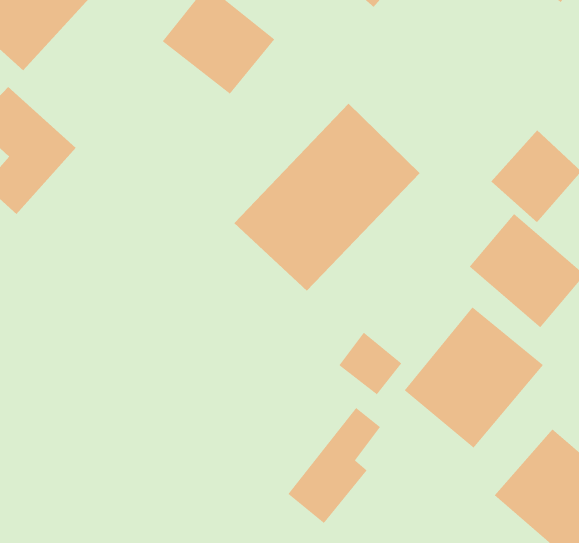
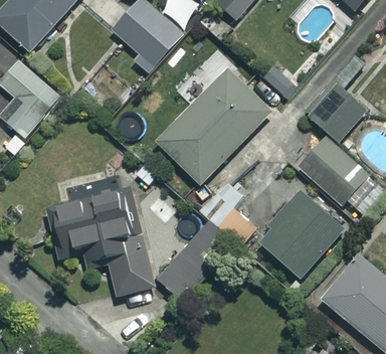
building: none -> [51,187,155,302]
building: [287,407,381,524] -> [160,227,216,298]

